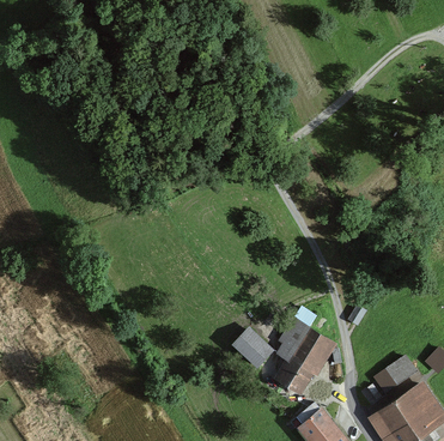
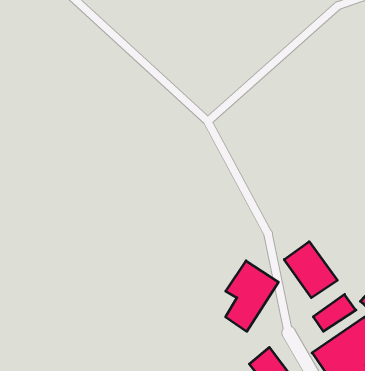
building: none -> [284,242,337,298]
building: [235,330,275,369] -> none

